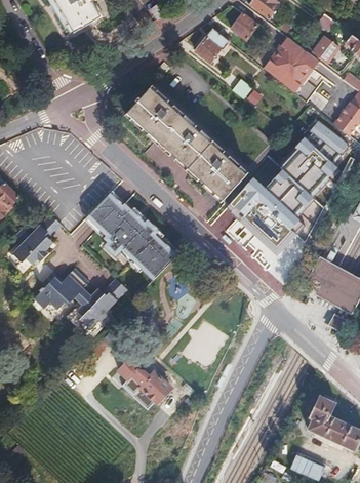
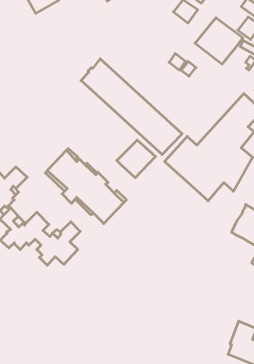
building: [193,28,231,65] -> none
building: none -> [117,140,156,178]
building: [120,359,171,407] -> none

